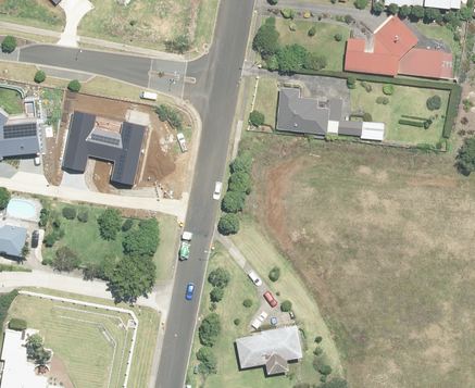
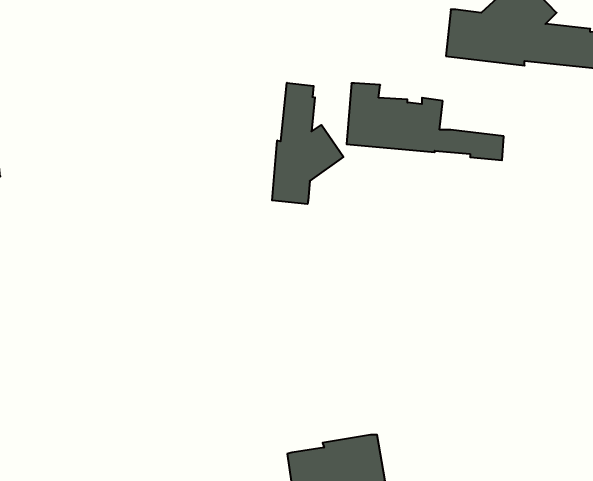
building: none -> [272,83,343,204]
building: [60,112,147,186] -> none

